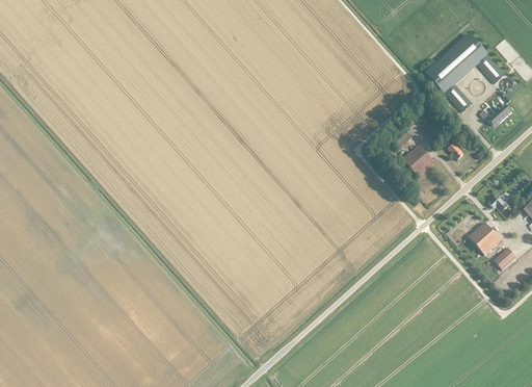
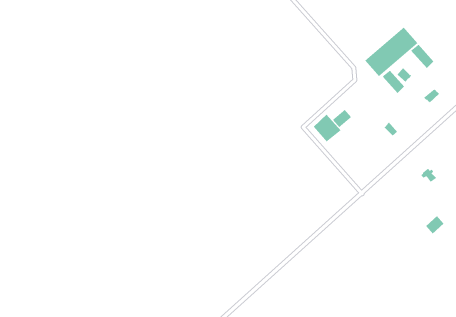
building: [403,144,435,176] -> [313,114,341,143]
building: [469,222,501,254] -> none

